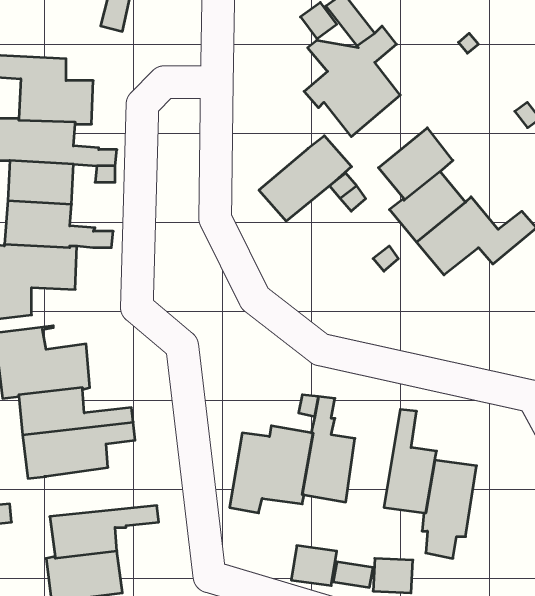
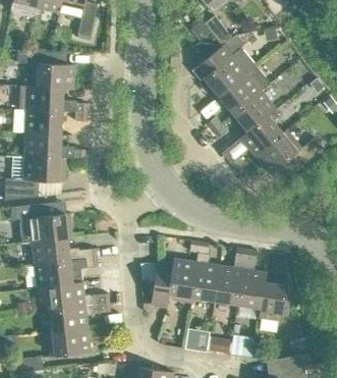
building: [259,136,352,221] -> [219,66,271,114]
building: none -> [216,248,246,305]
building: none -> [47,282,110,310]

